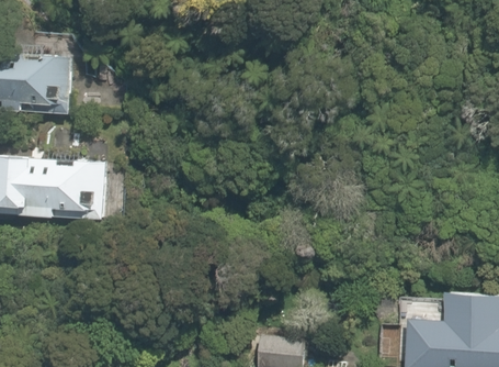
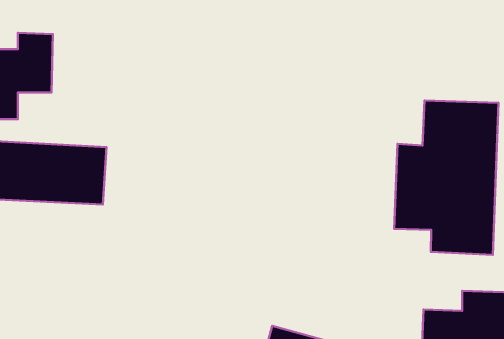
building: none -> [394,101,498,255]

